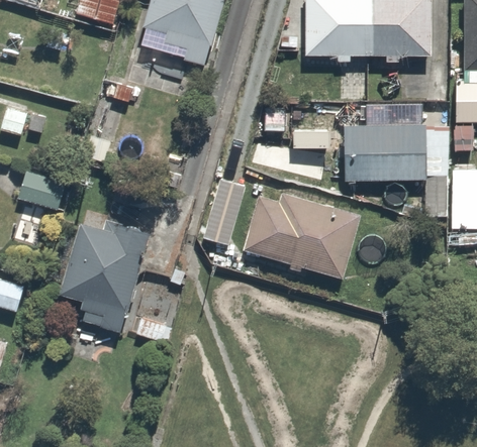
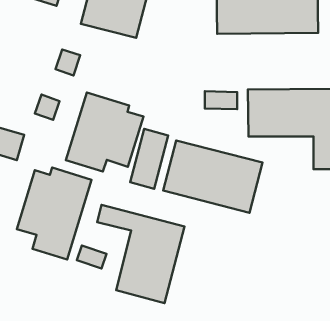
building: none -> [66,93,144,172]
building: none -> [97,205,184,303]

